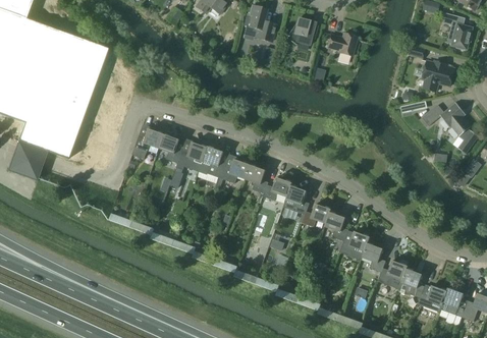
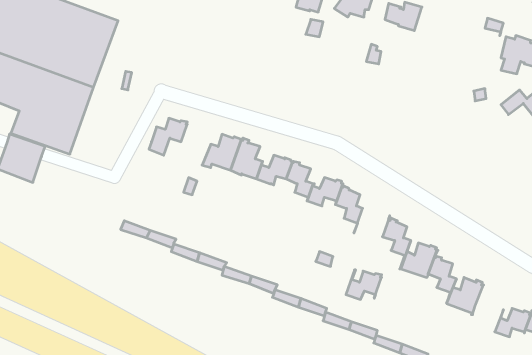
building: [159,132,183,167] -> none
building: [302,203,331,227] -> [346,270,382,299]
building: [399,266,425,304] -> none

